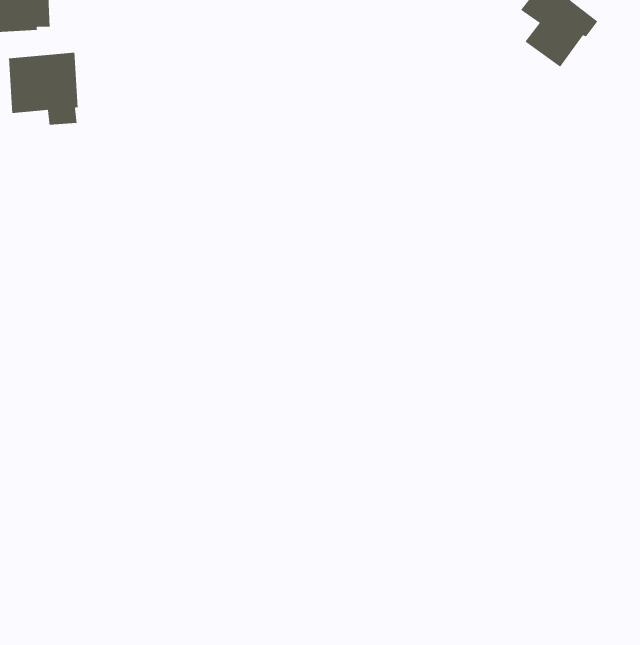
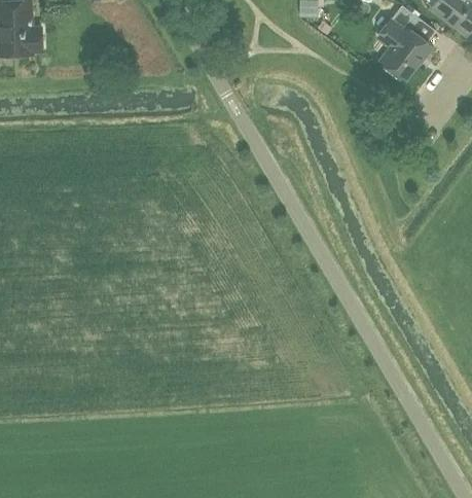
building: [8,52,78,126] -> none

